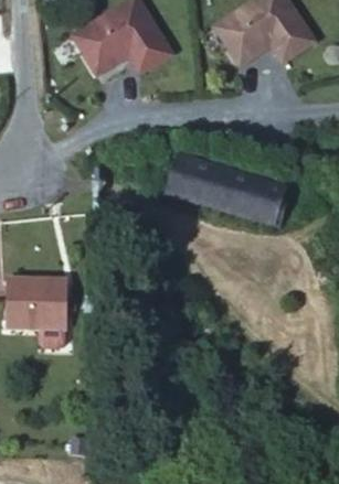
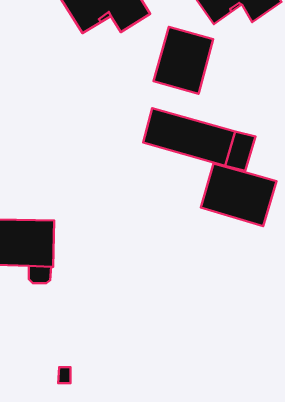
building: none -> [153,27,213,94]
building: none -> [201,163,276,226]

